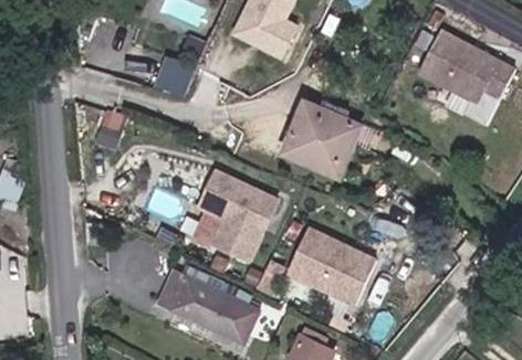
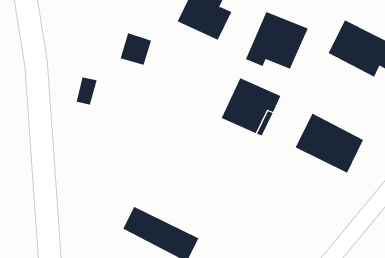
building: none -> [245,11,308,70]
building: [196,167,275,261] -> none
building: [284,226,373,304] -> [295,113,364,173]

